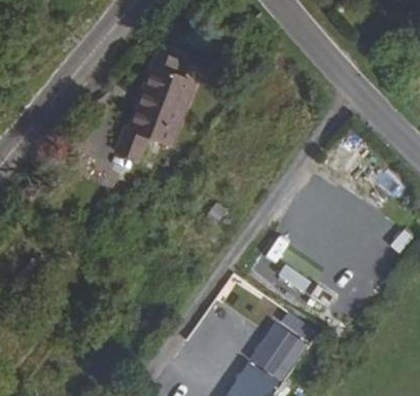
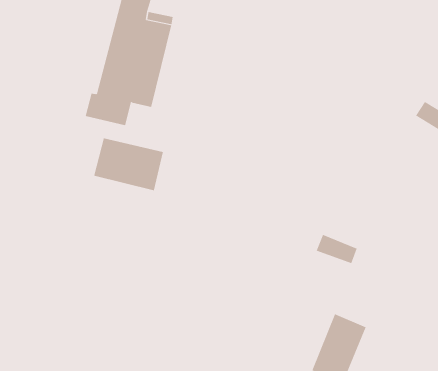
building: none -> [94,137,163,191]

